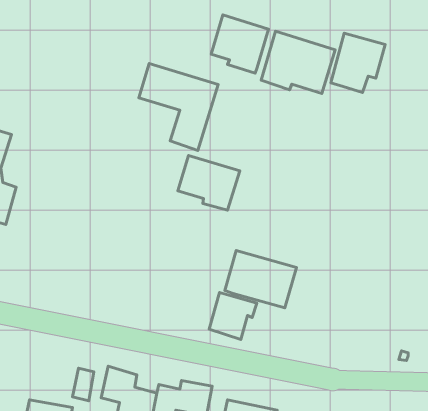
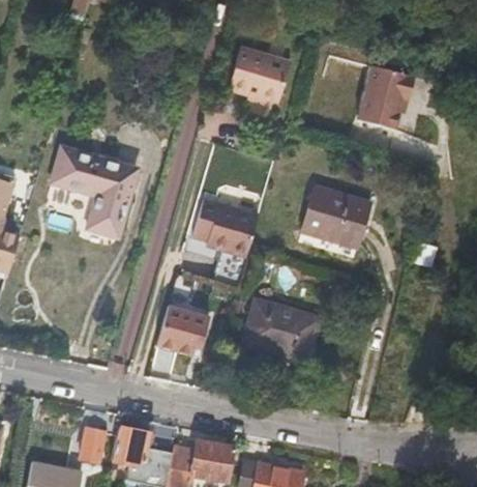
building: [261,31,335,94] -> none
building: [139,63,218,151] -> [51,144,137,238]
building: none -> [303,185,371,247]
building: [209,293,257,340] -> [157,305,209,355]

